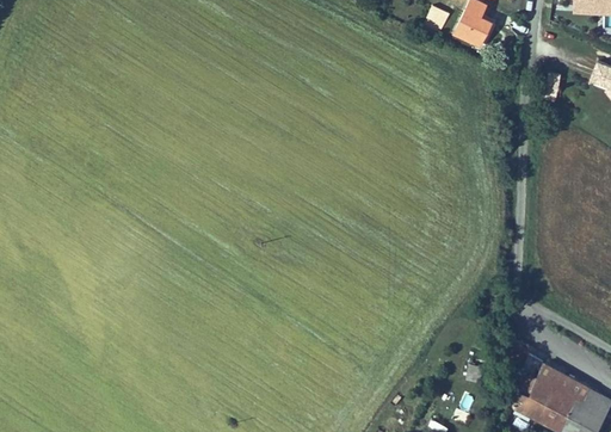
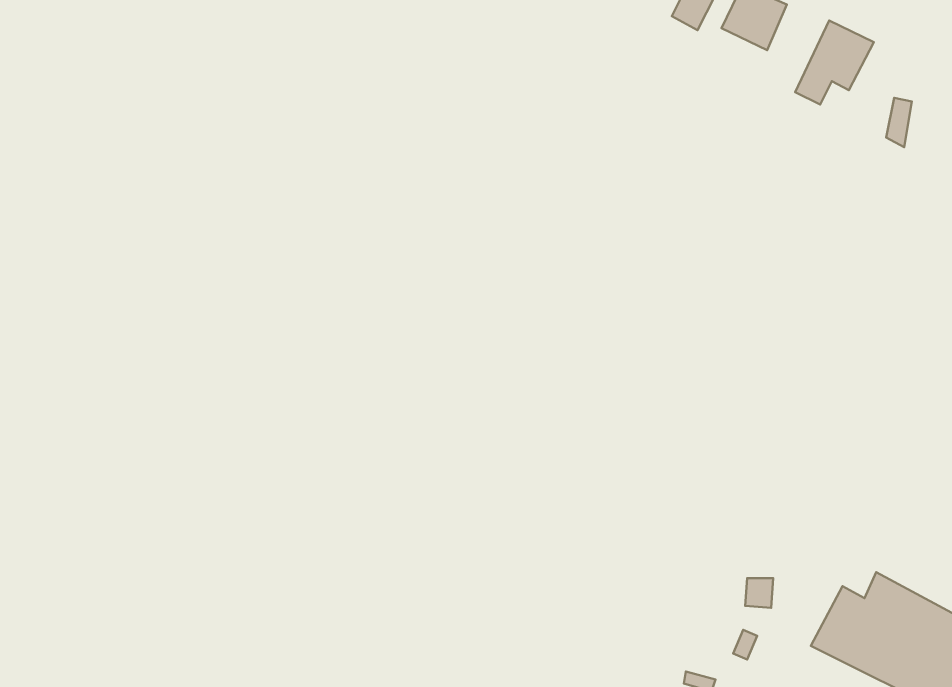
building: none -> [795,21,874,105]

